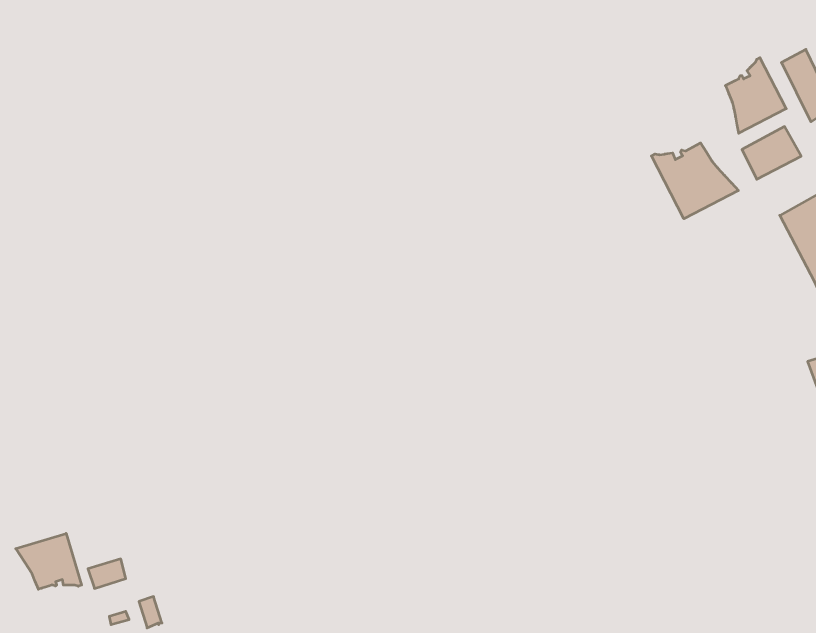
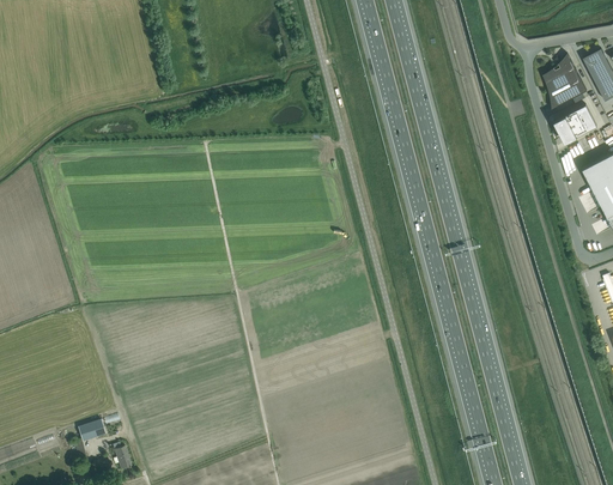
building: [651,143,738,219] -> none
building: [16,533,82,589] -> none

